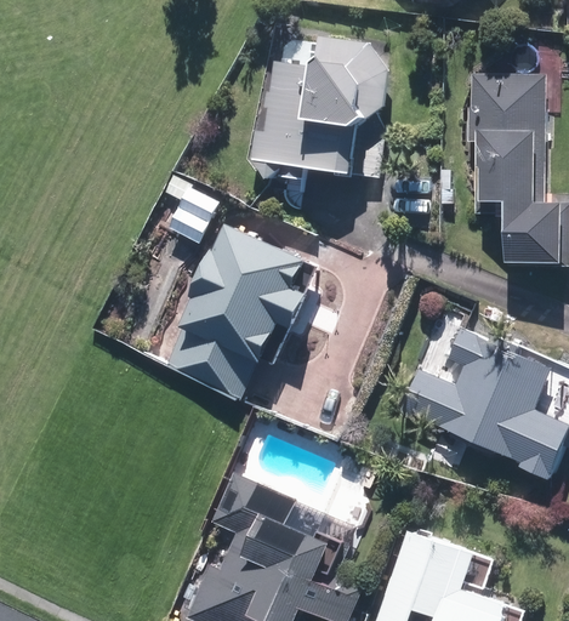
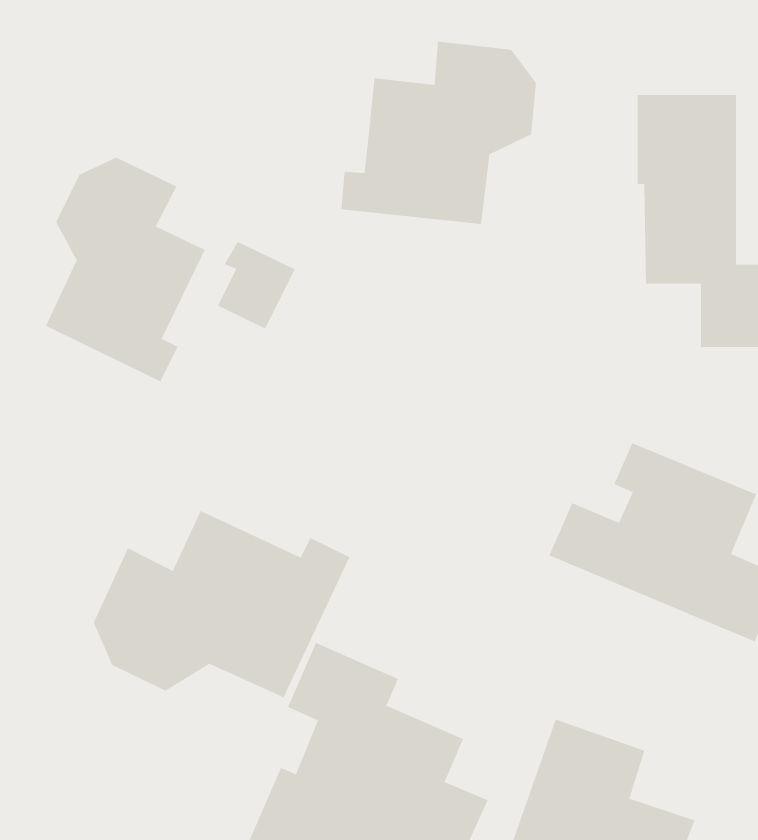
building: none -> [45,157,206,382]
building: [166,223,311,398] -> none
building: none -> [93,510,350,698]

